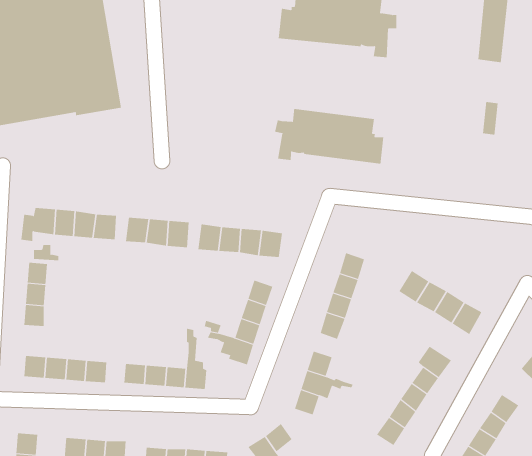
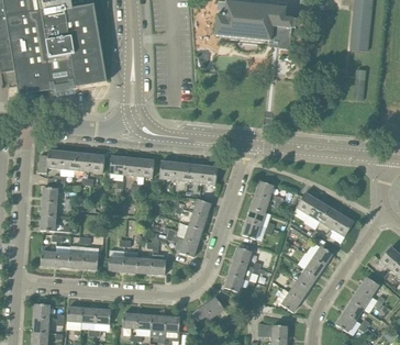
building: [275,108,384,164] -> none

